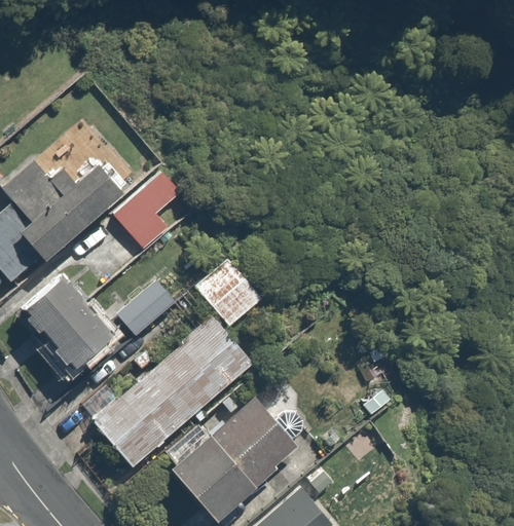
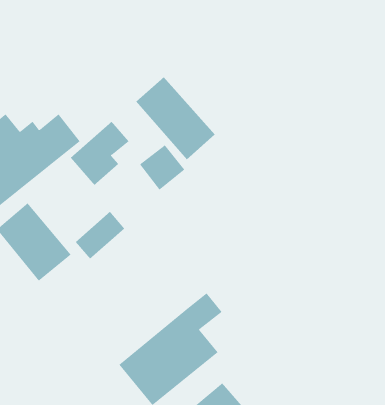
building: none -> [135,77,215,160]
building: [203,269,259,326] -> [139,144,185,191]
building: [91,320,255,471] -> none

